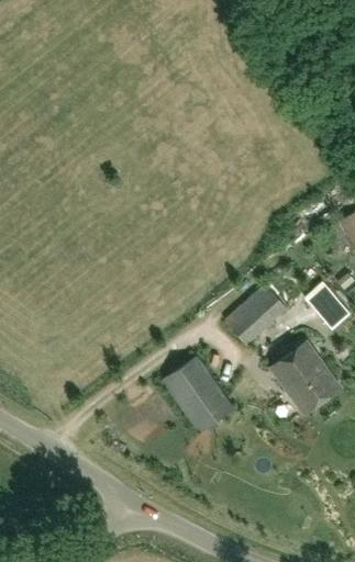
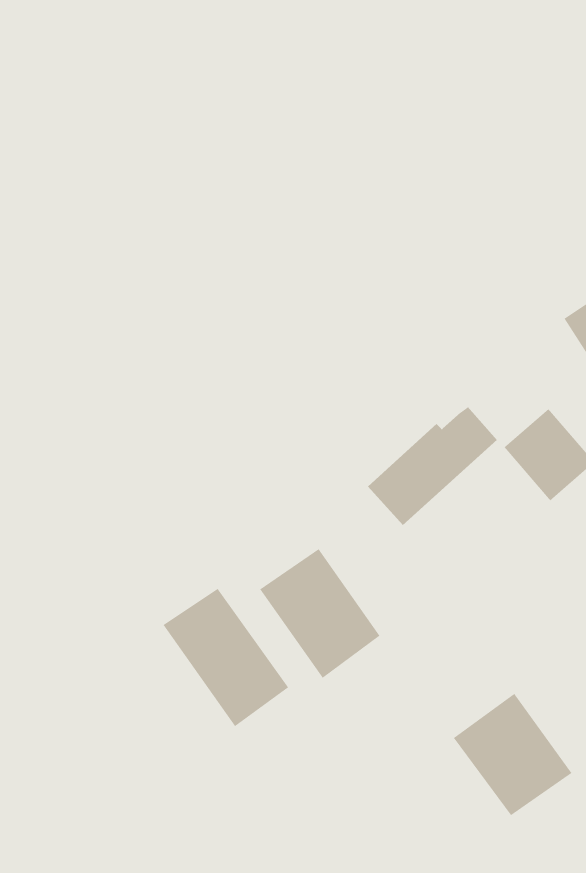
building: [269,341,340,414] -> [453,693,572,816]
building: none -> [162,588,289,727]

